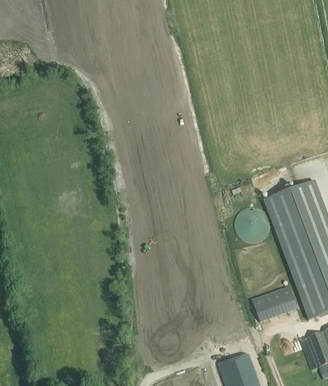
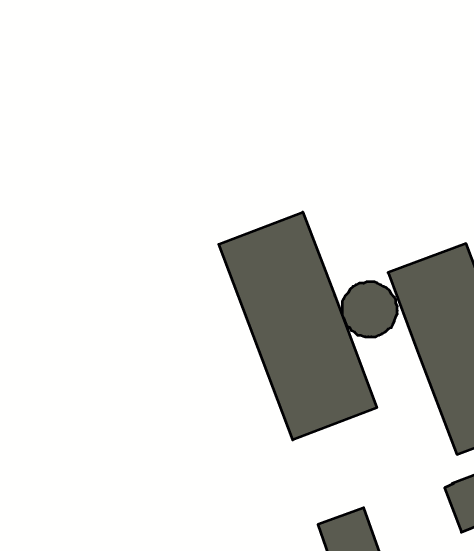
building: none -> [219,212,377,440]
building: [251,285,296,322] -> none

